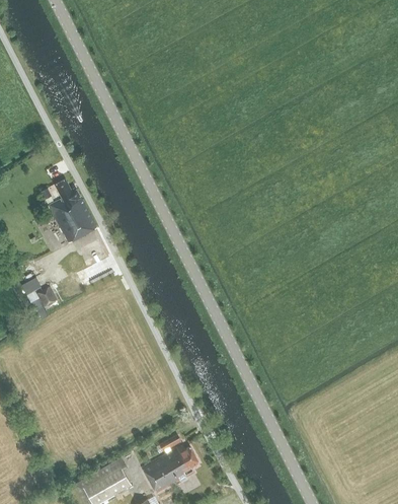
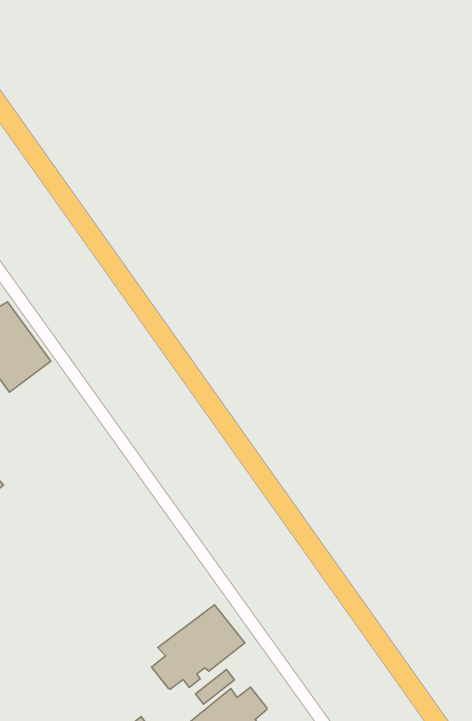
building: none -> [152,605,245,689]

